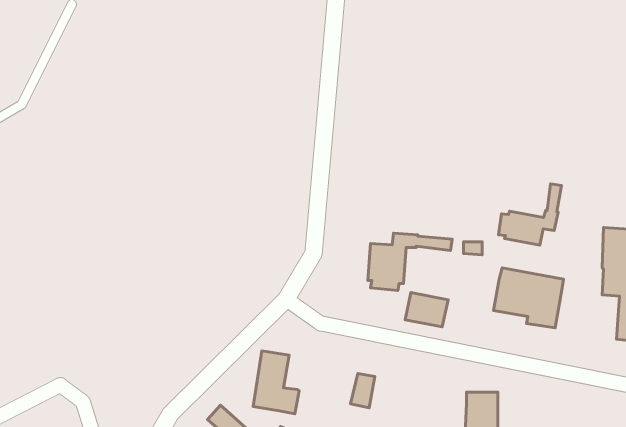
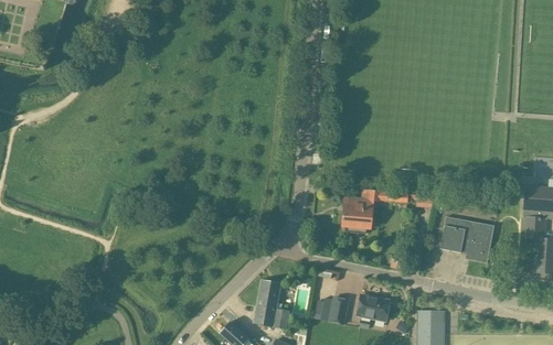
building: [498,184,561,245] -> none
building: [405,293,448,327] -> [357,294,390,321]

